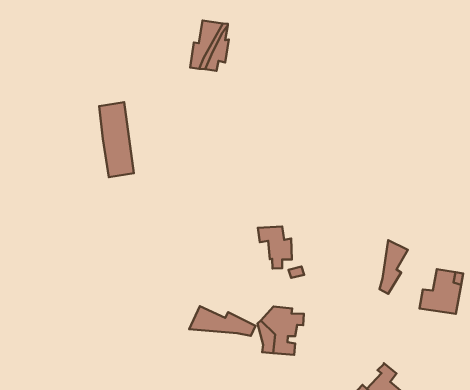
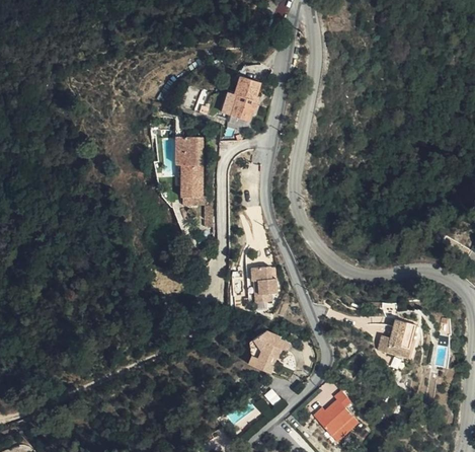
building: [99,102,134,177] -> [177,144,200,204]
building: [380,240,408,294] -> none
building: [189,306,256,336] -> none

